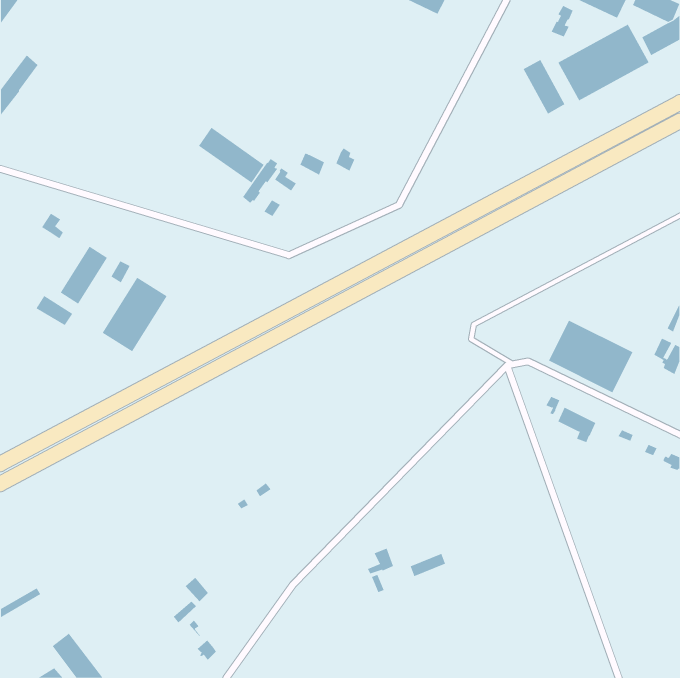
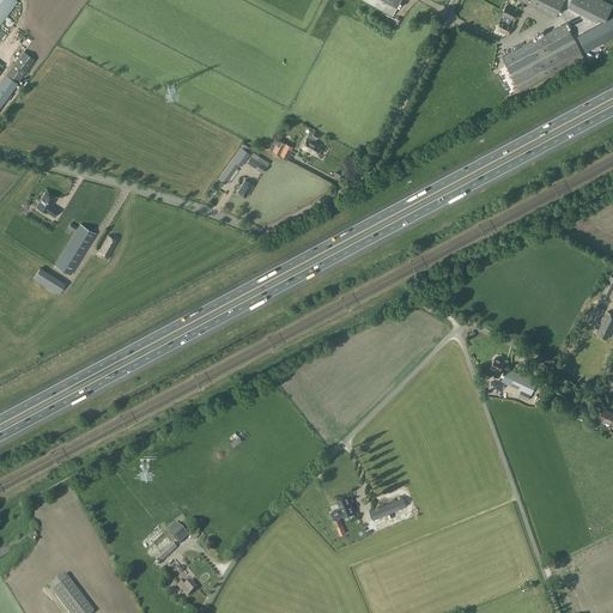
building: [523,59,565,114] -> none
building: [198,127,265,184] -> none
building: [102,277,167,352] -> none
building: [548,320,633,393] -> none

